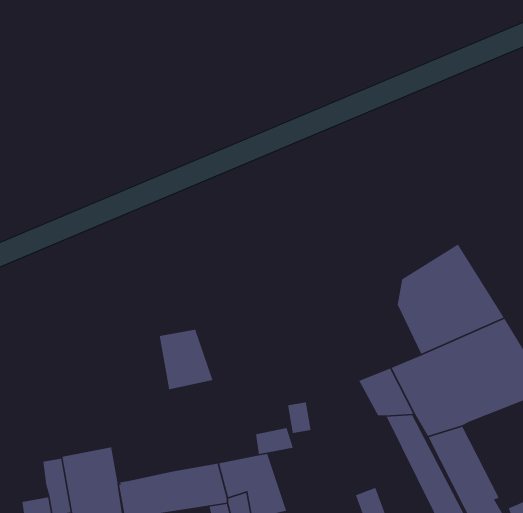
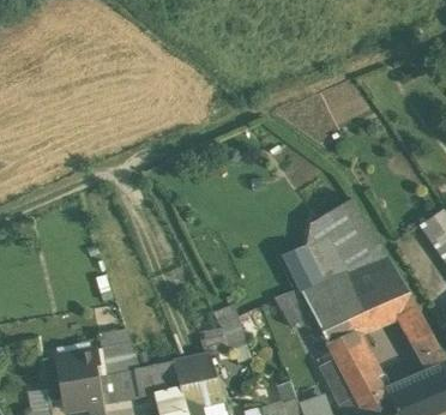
building: none -> [283,243,324,290]
building: [159,329,214,390] -> [98,329,139,374]

